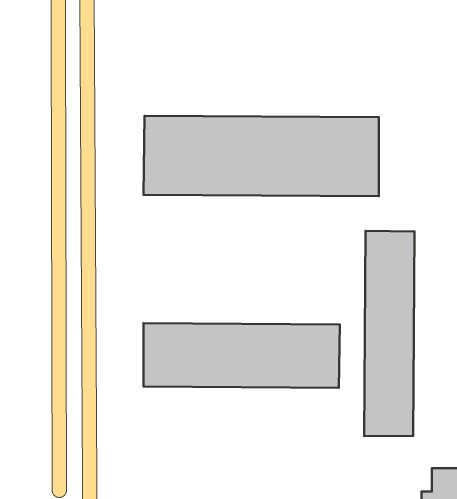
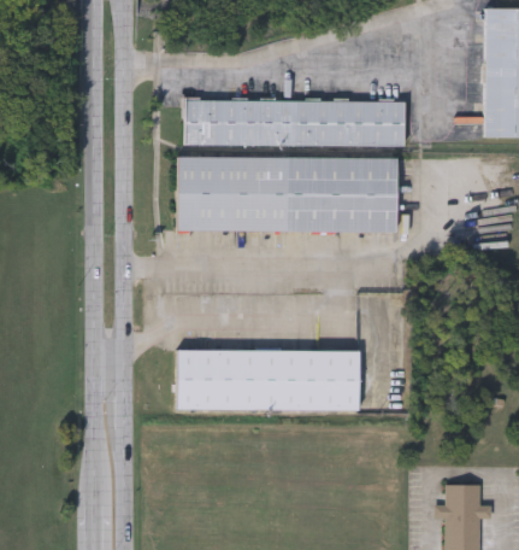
building: none -> [184,100,406,146]
building: [364,231,414,436] -> none

